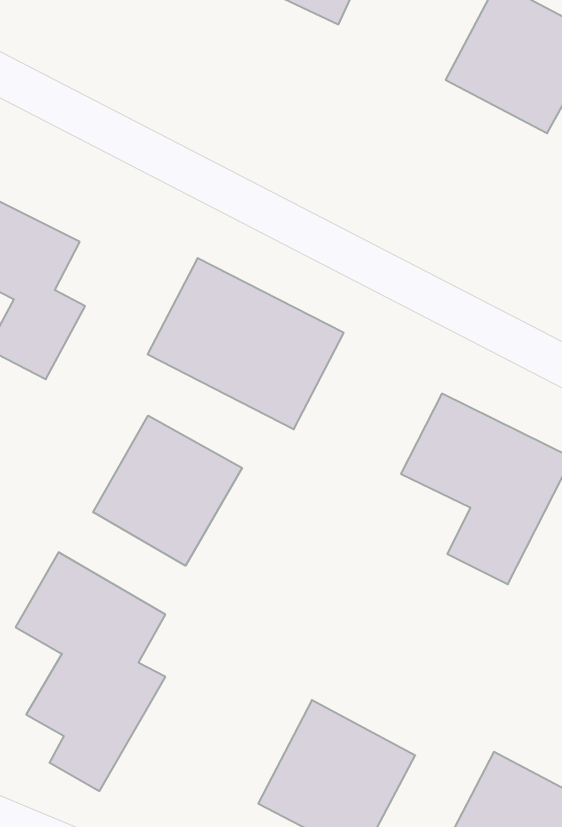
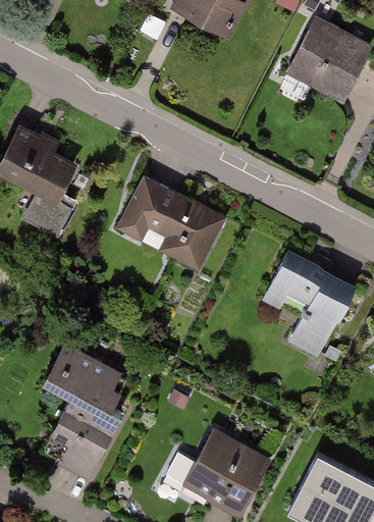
building: [93,416,242,566] -> none

